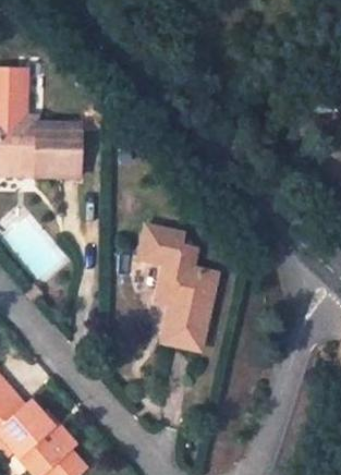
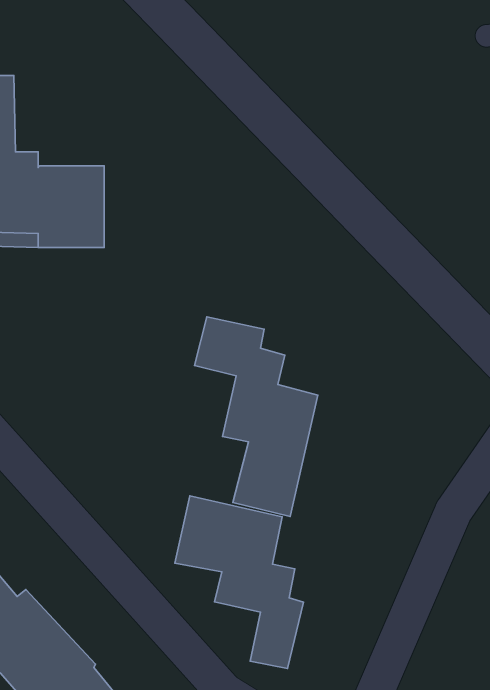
building: none -> [175,496,303,669]

